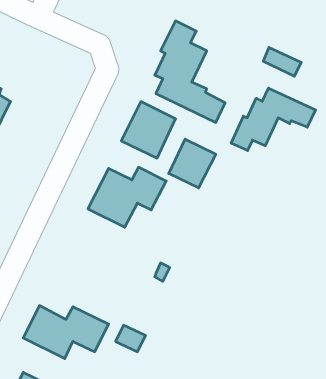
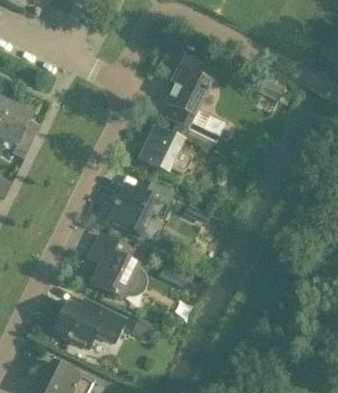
building: [231,88,316,151] -> none
building: [169,139,216,188] -> none
building: none -> [87,233,147,296]

